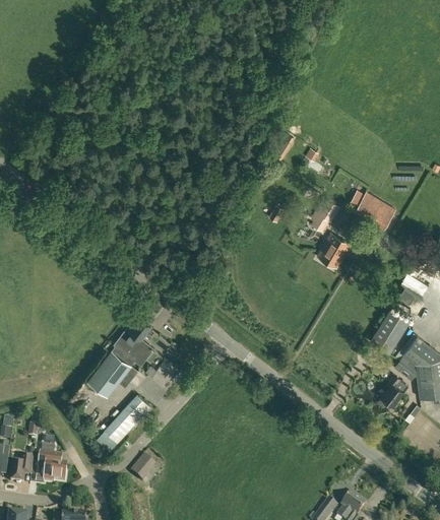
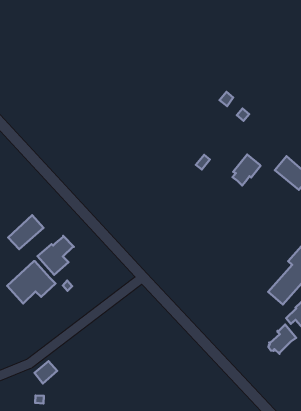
building: [317,233,351,267] -> none
building: none -> [8,215,43,249]
building: [105,394,150,442] -> none

